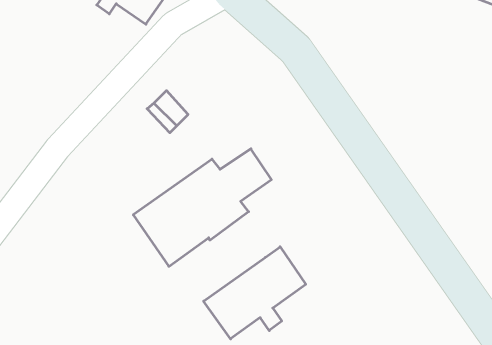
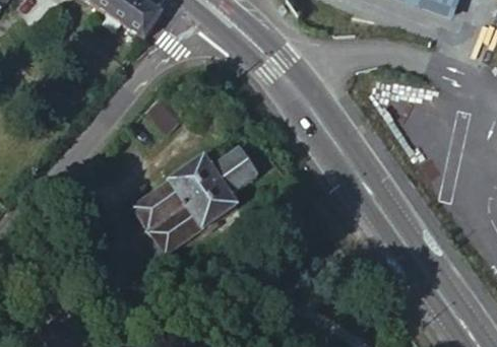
building: [204,247,306,339] -> none

